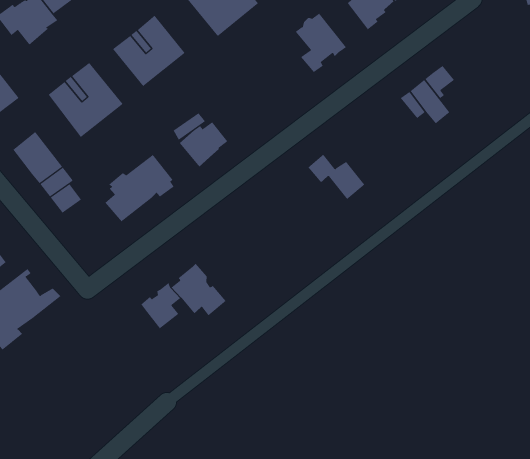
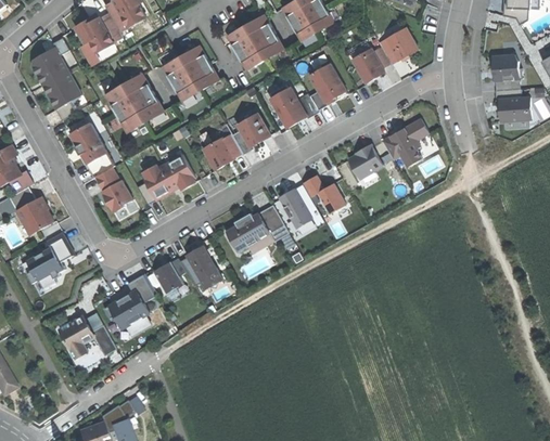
building: none -> [269,86,308,128]
building: none -> [232,113,270,154]
building: none -> [347,144,383,180]
building: none -> [278,189,312,228]
building: none -> [101,180,131,211]
building: none -> [225,206,287,251]
building: none -> [104,272,157,334]
building: none -> [59,309,117,368]

